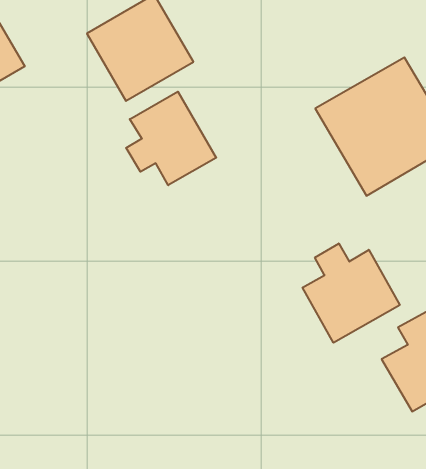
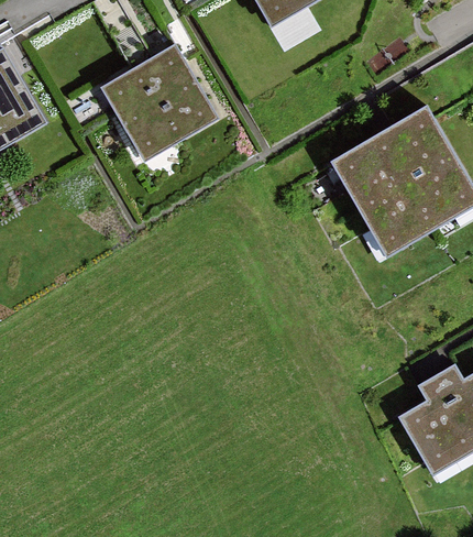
building: [126,92,216,185] -> none
building: [303,243,400,343] -> none

